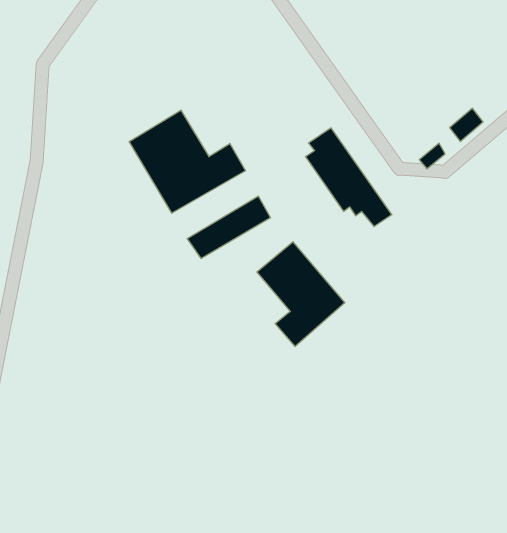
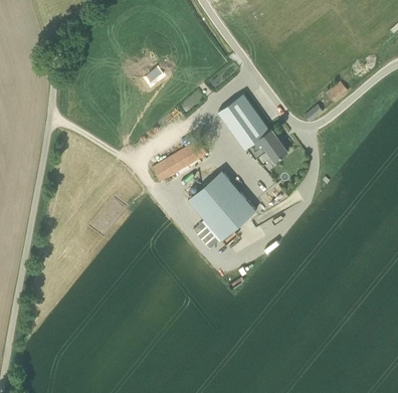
building: [129,110,246,213] -> none

